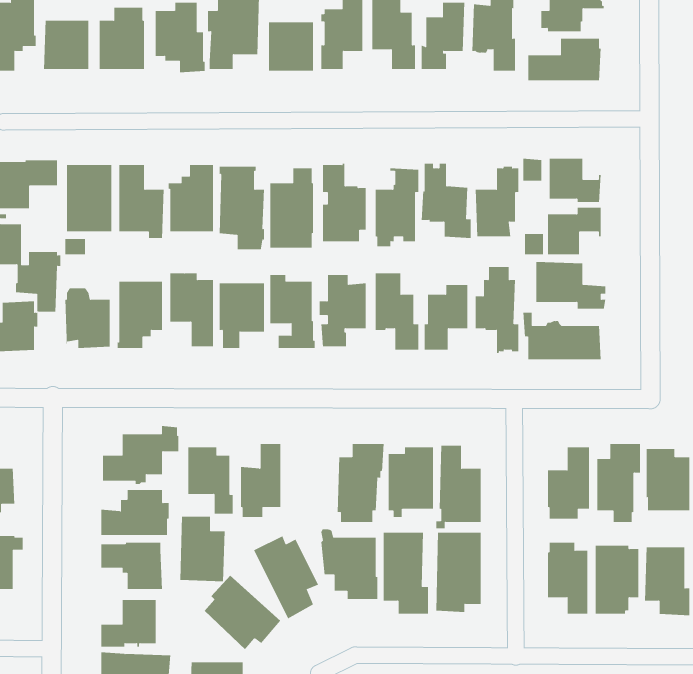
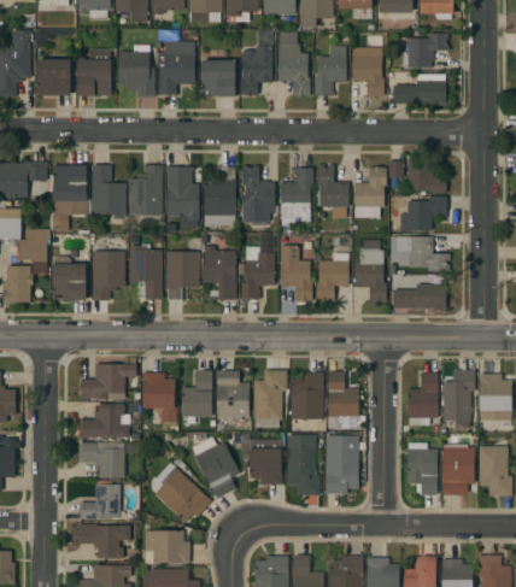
building: [180,516,226,582] -> [216,371,250,419]

